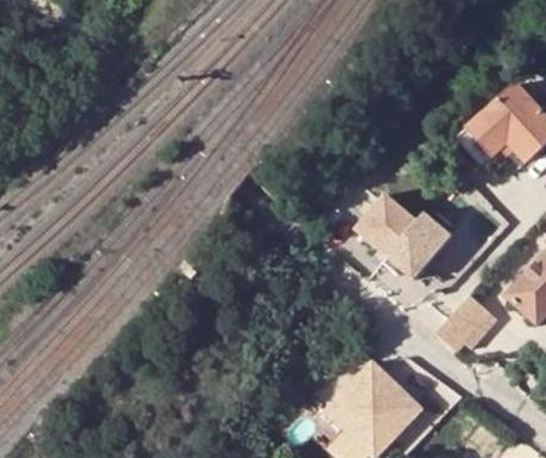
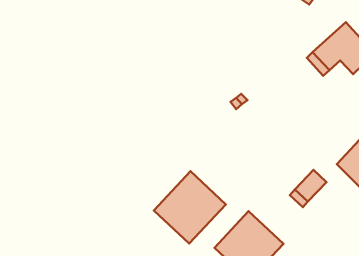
building: [352,190,458,286] -> none
building: none -> [154,171,226,244]

